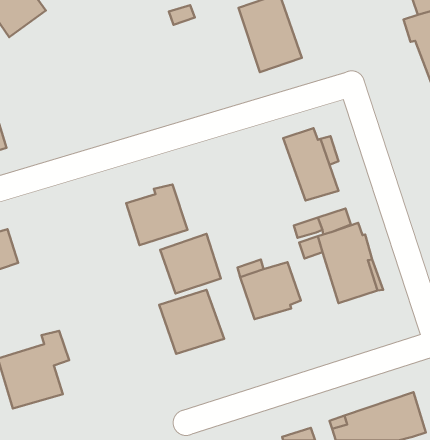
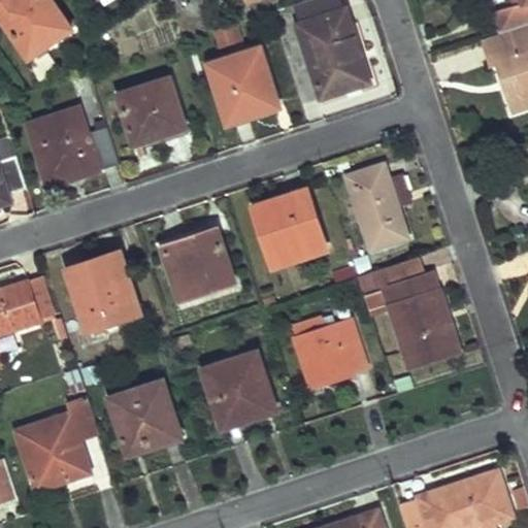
building: none -> [207,50,276,122]
building: none -> [117,81,183,146]
building: none -> [29,112,119,183]
building: none -> [66,257,140,330]
building: [160,234,221,294] -> [254,191,324,260]
building: none -> [107,378,180,454]

